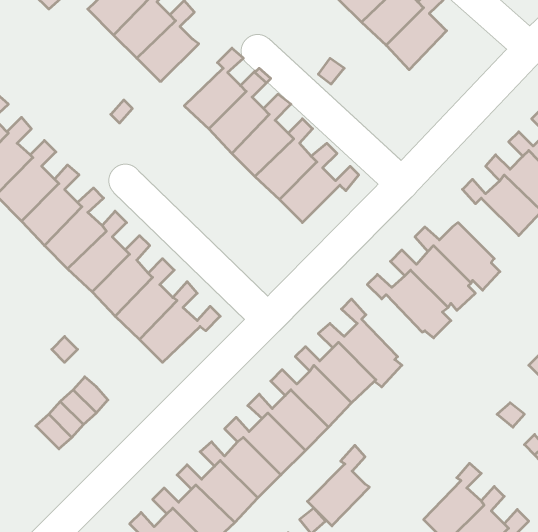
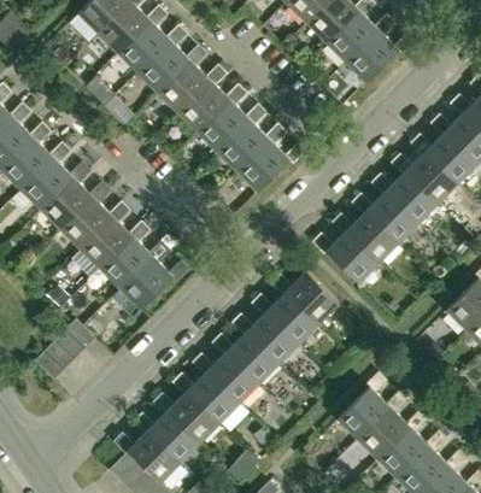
building: none -> [347,16,415,88]
building: none -> [131,25,192,94]
building: none -> [373,171,439,222]
building: [307,445,369,526] -> [339,372,391,440]

